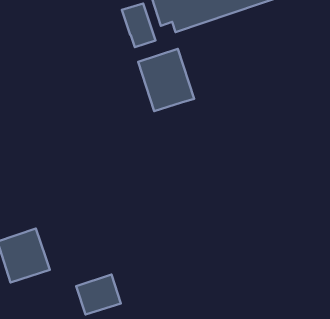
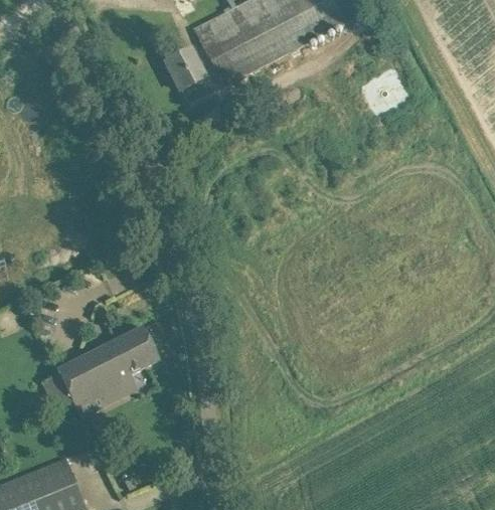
building: [138,49,194,111] -> none
building: [76,274,121,314] -> [101,325,159,379]

